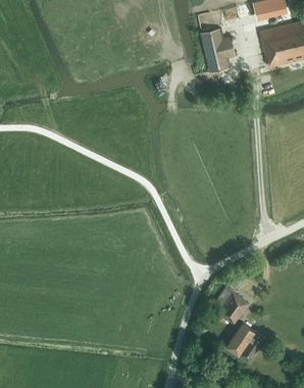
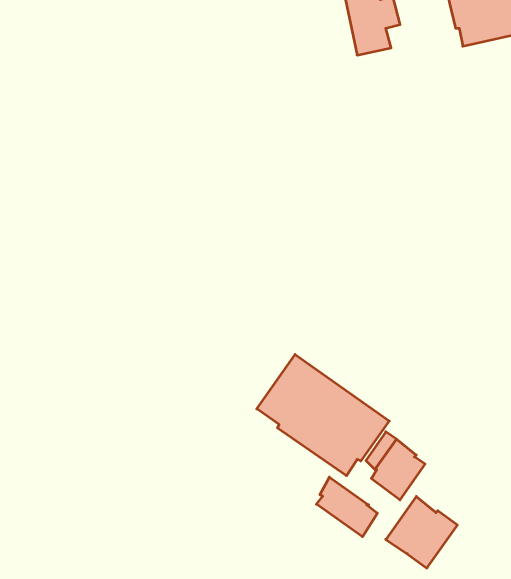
building: none -> [257,354,389,476]
building: none -> [316,477,377,537]

